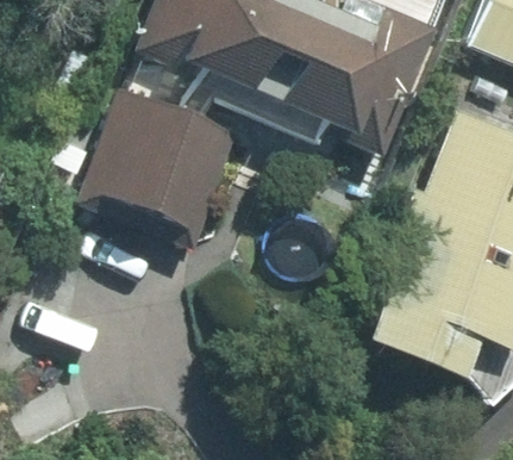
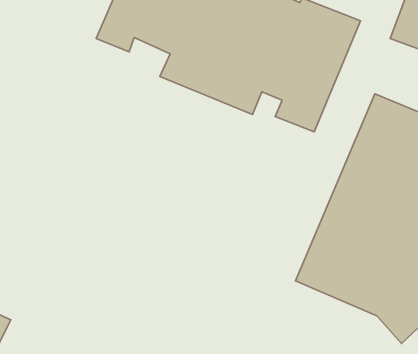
building: [55,92,238,249] -> none

